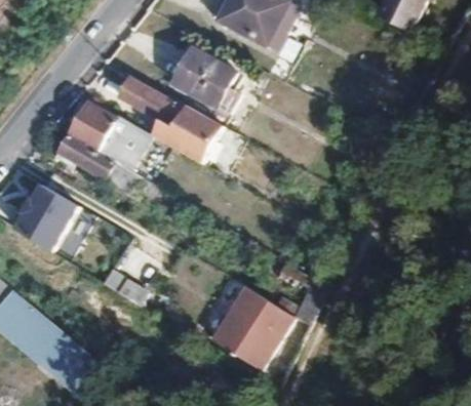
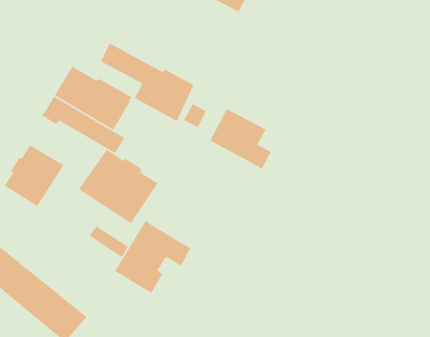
building: [172,46,239,112] -> [209,108,272,170]
building: none -> [78,149,158,224]
building: [211,287,293,365] -> [114,220,191,293]

